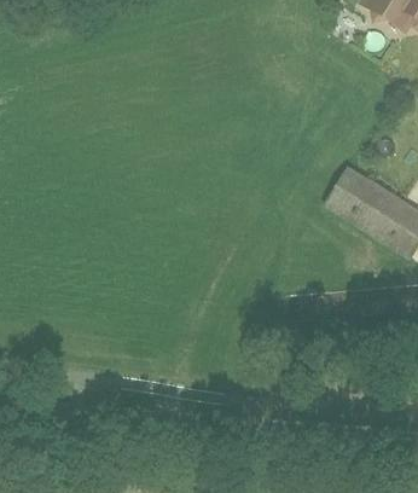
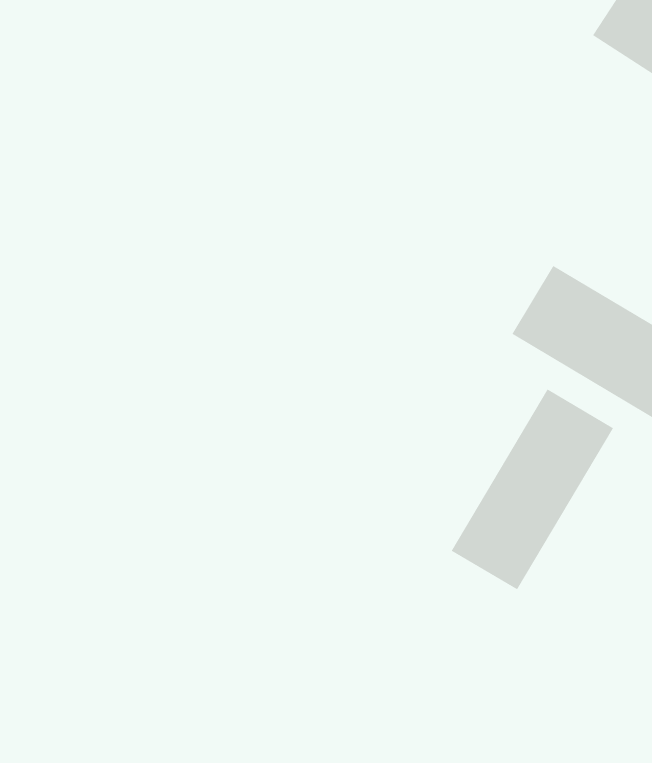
building: none -> [451,389,614,590]

